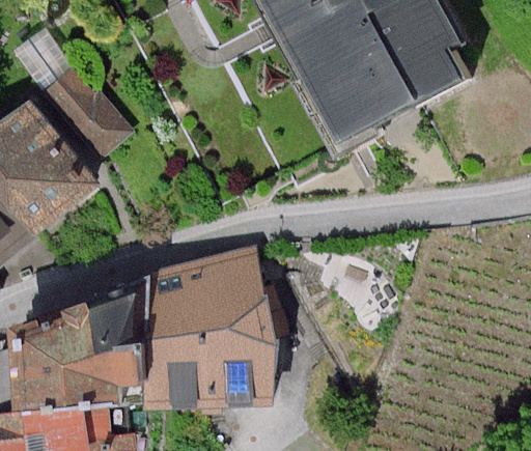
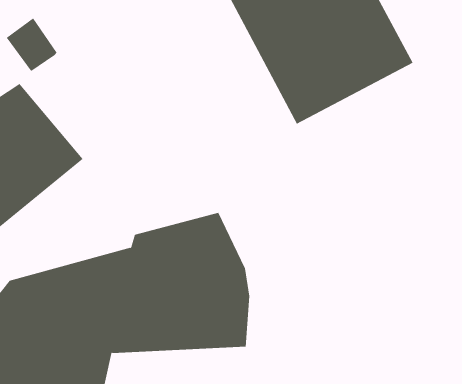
building: [39,65,135,161] -> none

